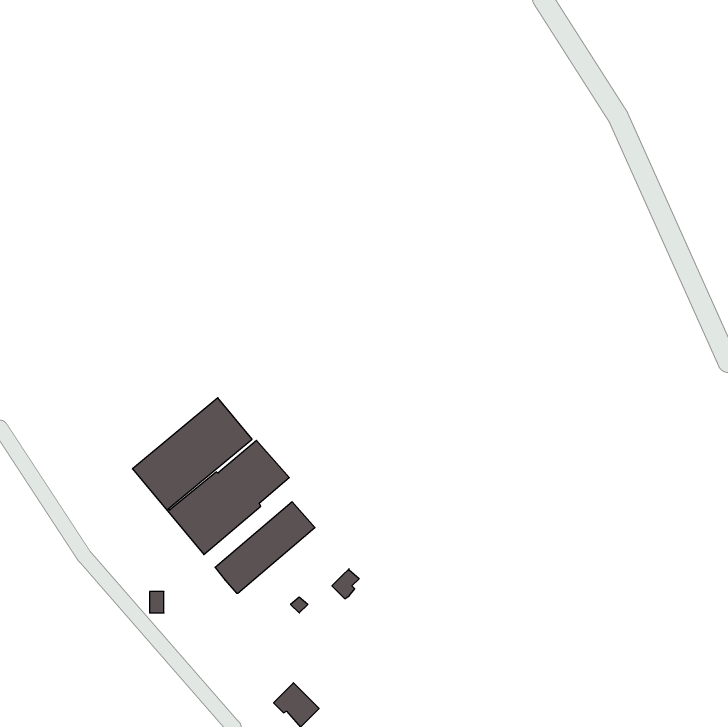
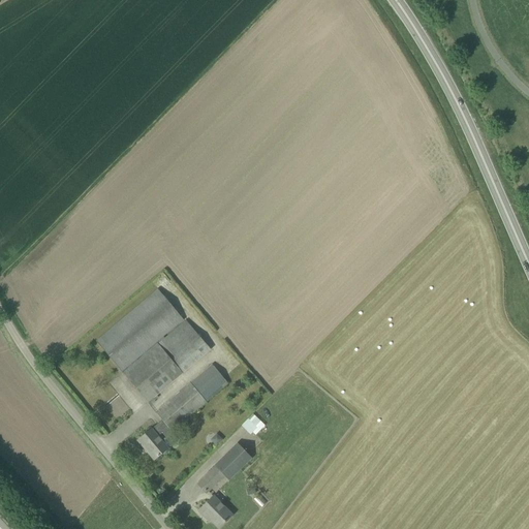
building: none -> [137,421,175,459]
building: none -> [197,441,252,492]

